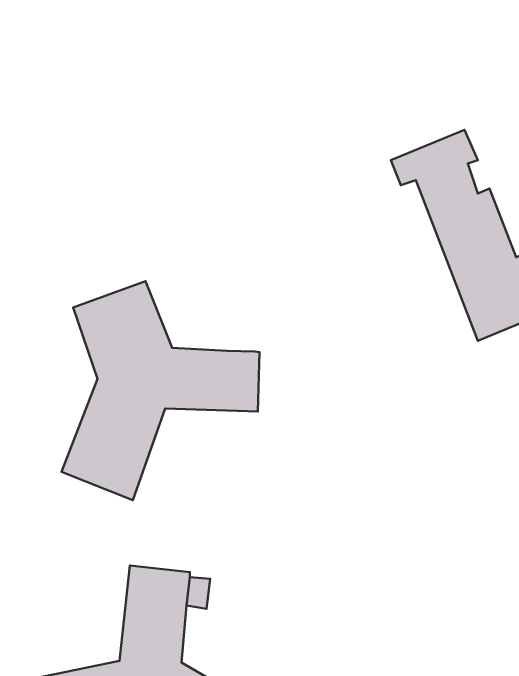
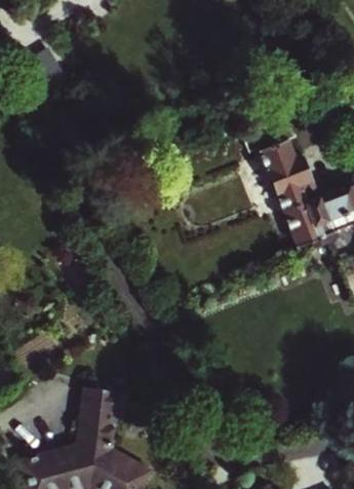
building: [62,281,260,500] -> none

